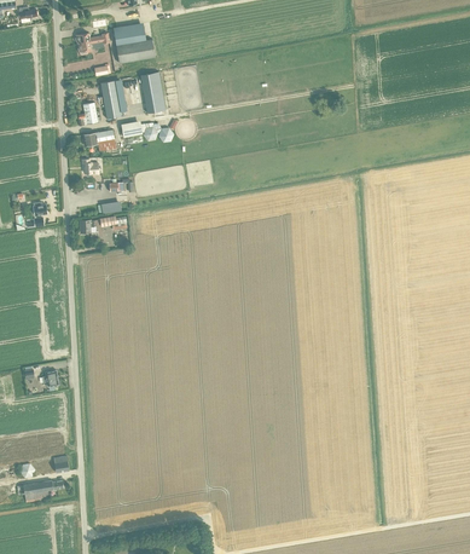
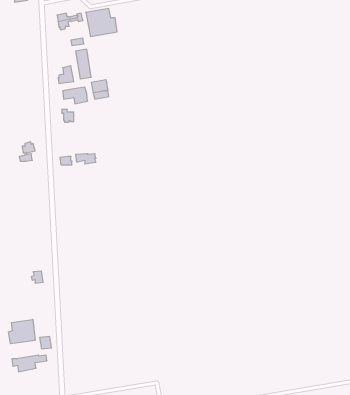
building: [140,70,166,111] -> none
building: none -> [8,319,35,344]

